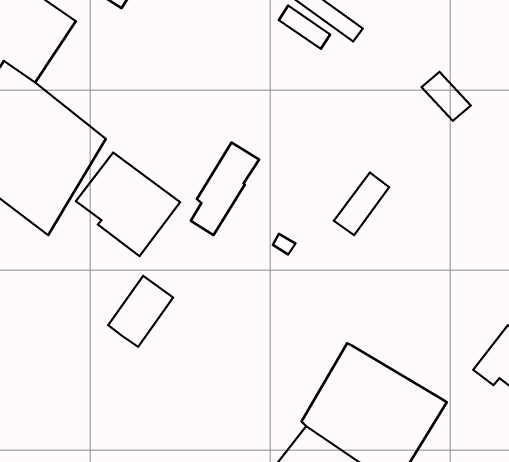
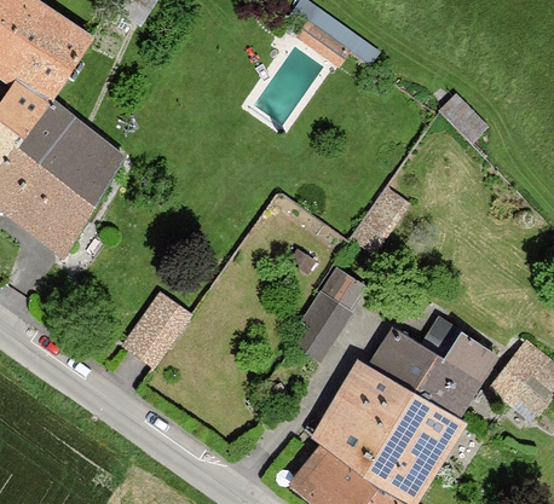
building: [191,143,259,235] -> [293,266,362,359]
building: [76,153,180,256] -> none
building: none -> [369,319,497,418]

